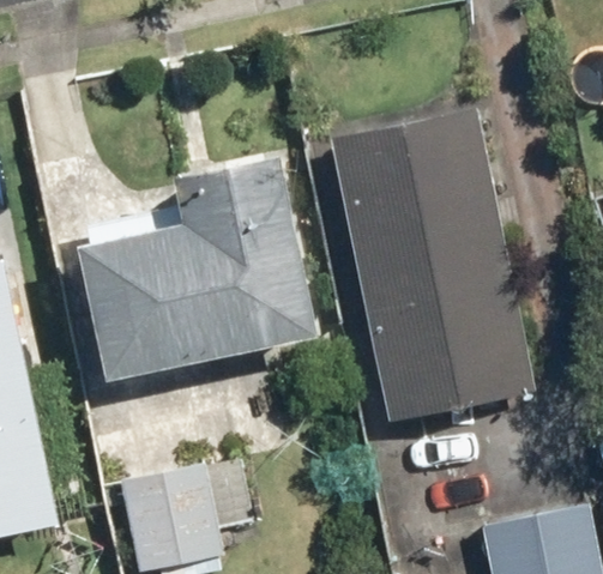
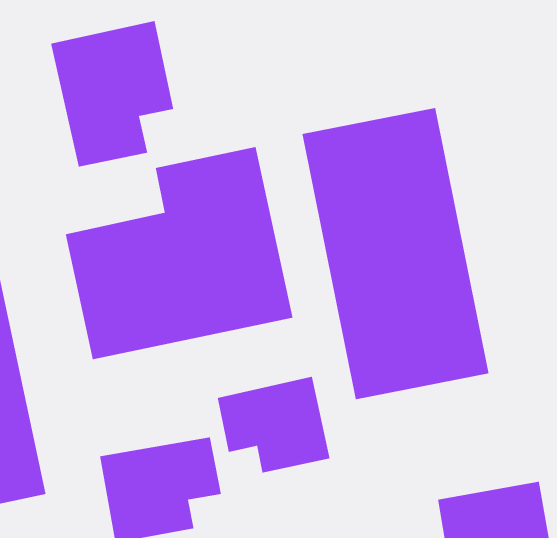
building: none -> [50,20,174,167]
building: none -> [217,376,330,473]

